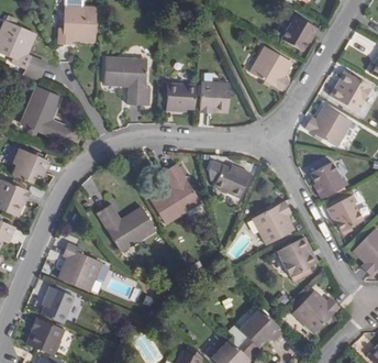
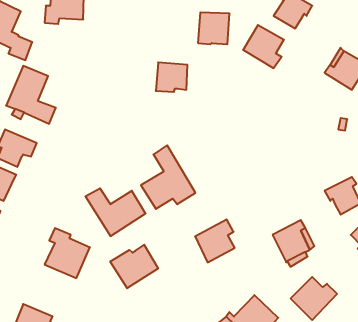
building: [103,57,146,106] -> none
building: [199,81,230,112] -> [198,12,230,44]
building: [304,102,348,141] -> none
building: [313,161,349,197] -> none
building: [213,164,251,197] -> none
building: [257,200,296,242] -> [195,219,235,262]
building: none -> [110,245,158,288]
building: [40,286,74,323] -> none

